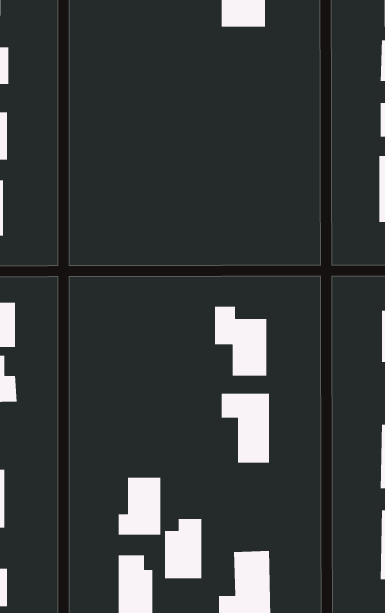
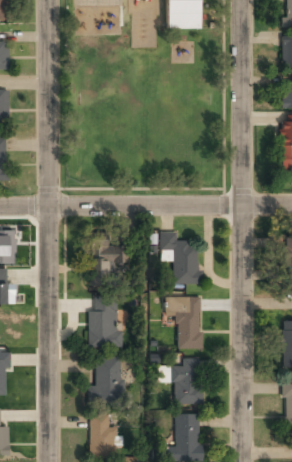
building: none -> [92,241,129,280]
building: none -> [89,301,120,347]
building: [164,518,202,579] -> [174,358,202,403]

